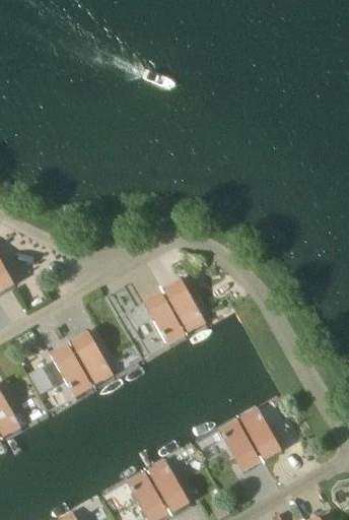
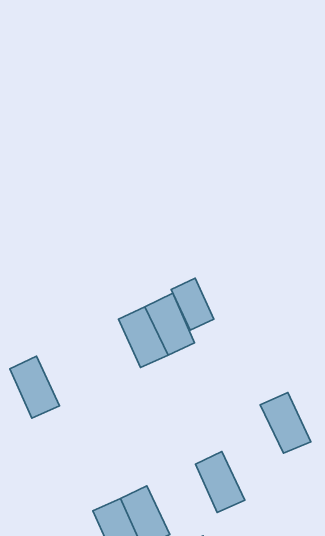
building: none -> [171,278,214,330]
building: [62,332,110,389] -> none
building: [237,406,286,462] -> [260,392,311,453]

